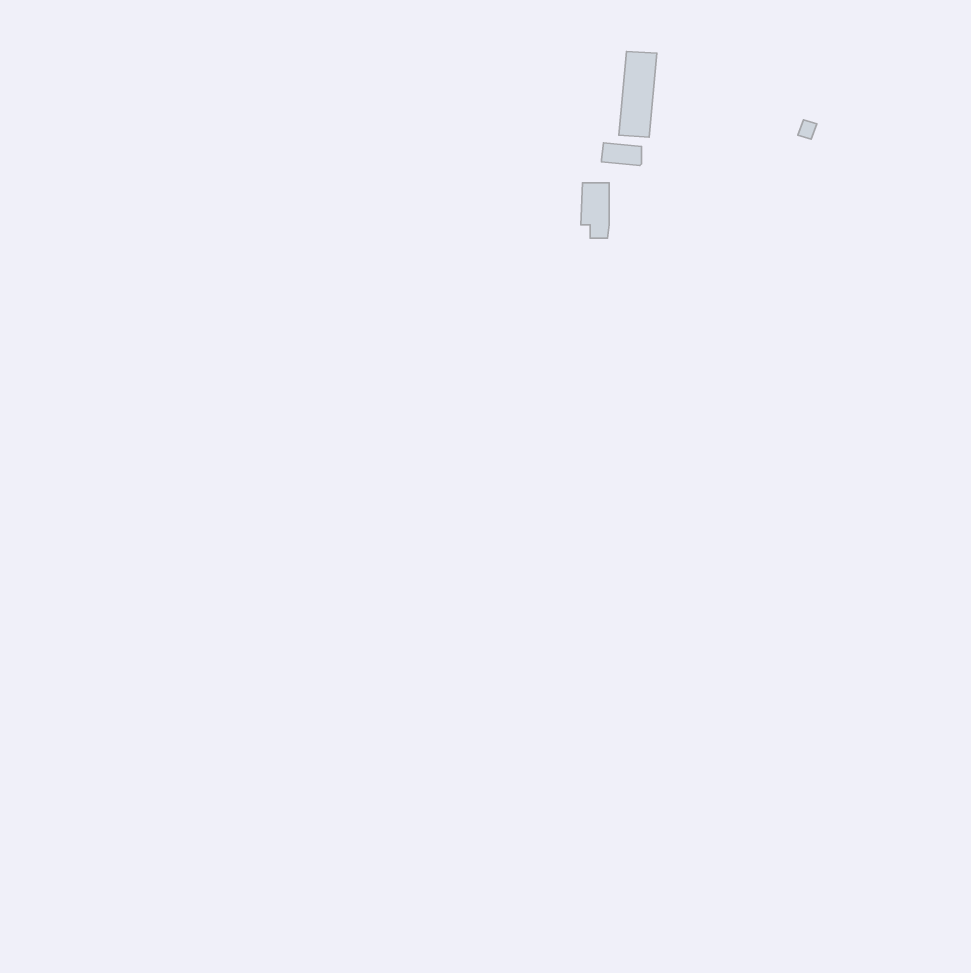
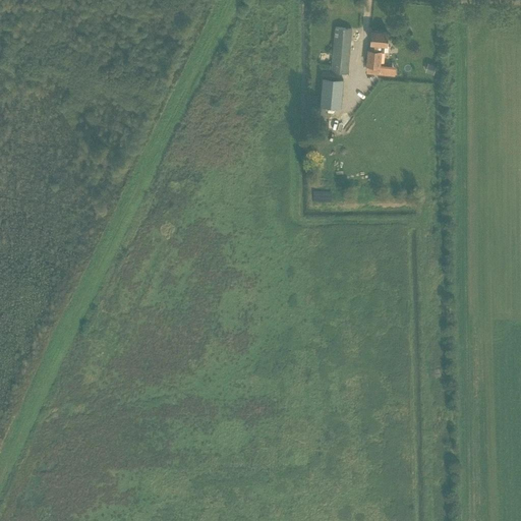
building: none -> [367,31,396,76]

